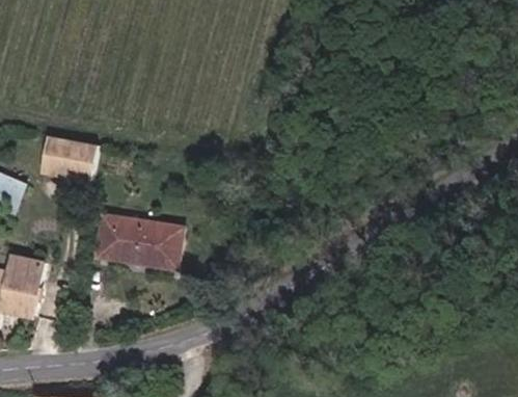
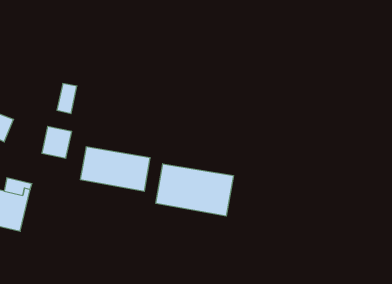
building: [42,130,79,169] -> [42,126,72,158]
building: none -> [156,164,233,216]

